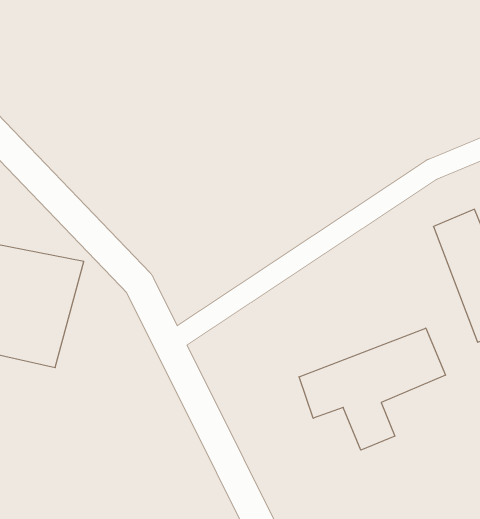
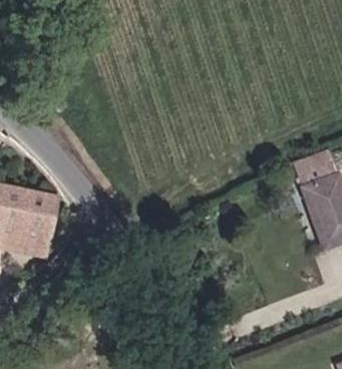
building: [299,328,445,450] -> none

